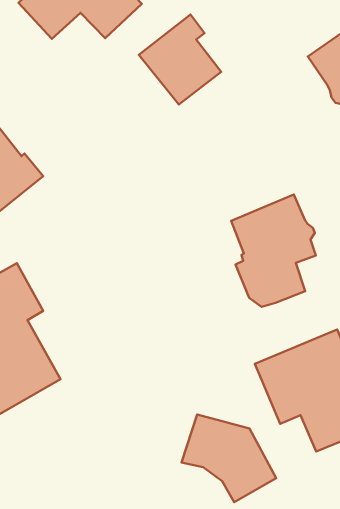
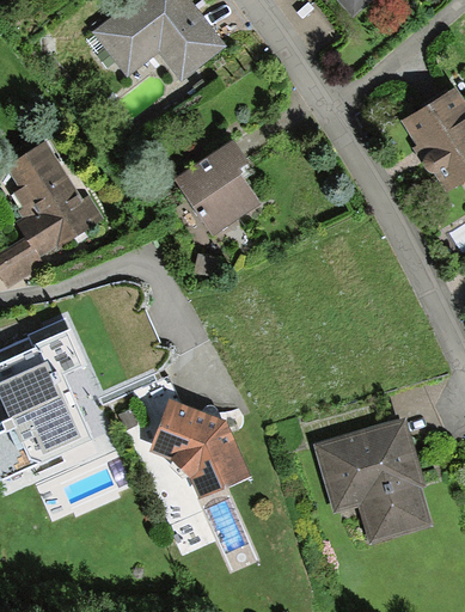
building: [139,15,221,105] -> [173,139,261,234]
building: [231,195,316,307] -> none
building: [182,414,276,502] -> [147,400,247,498]

